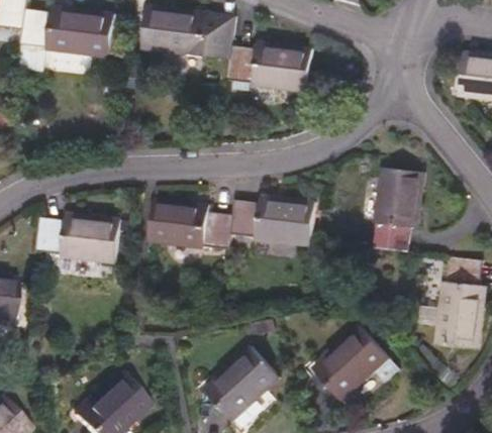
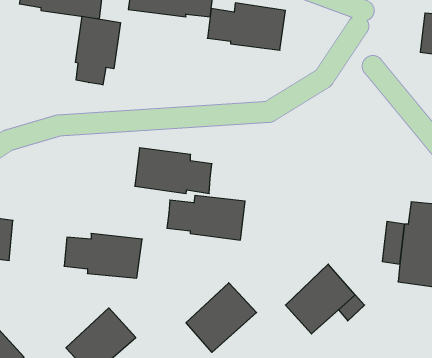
building: none -> [75,16,120,85]
building: [374,168,423,251] -> none
building: [230,198,315,246] -> [167,195,245,240]
building: [34,215,119,263] -> [64,233,142,278]

